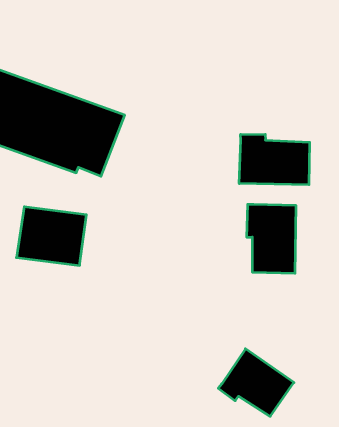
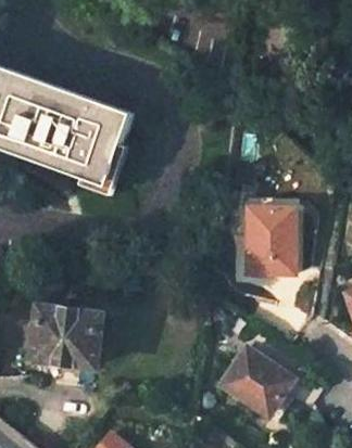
building: [239,134,310,185] -> none
building: [16,207,86,265] -> [35,308,102,364]

